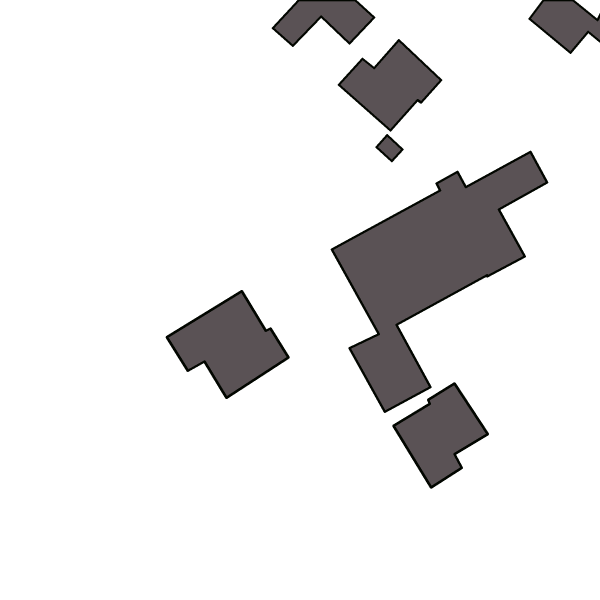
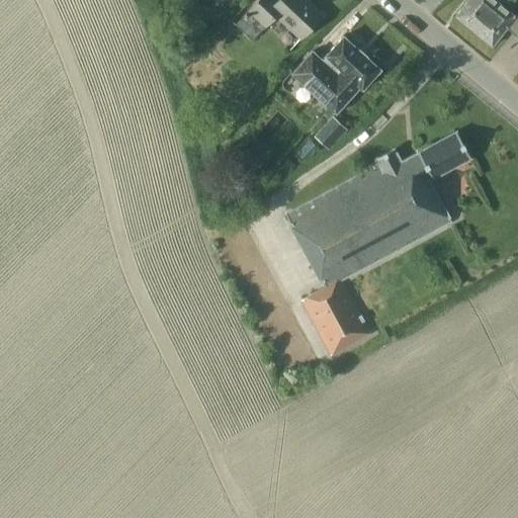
building: [167,291,288,398] -> none
building: [394,383,488,487] -> none

